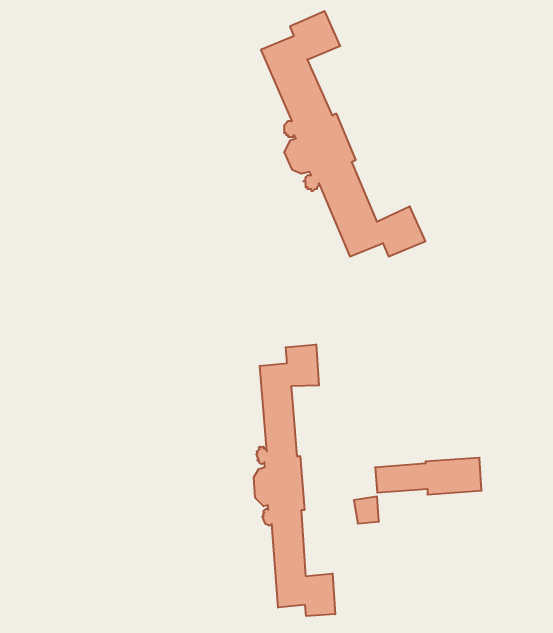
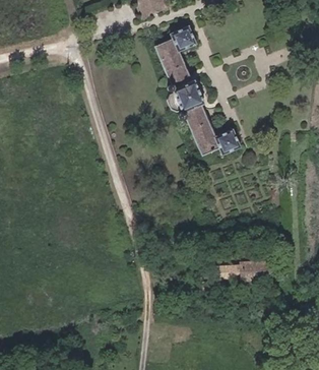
building: [254,344,335,616] -> none

